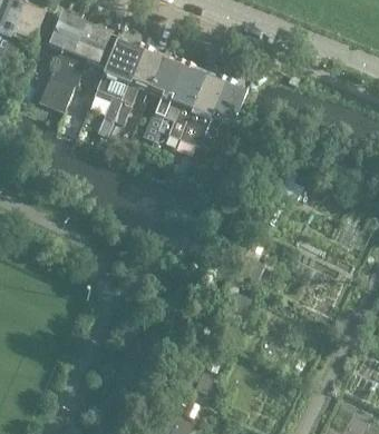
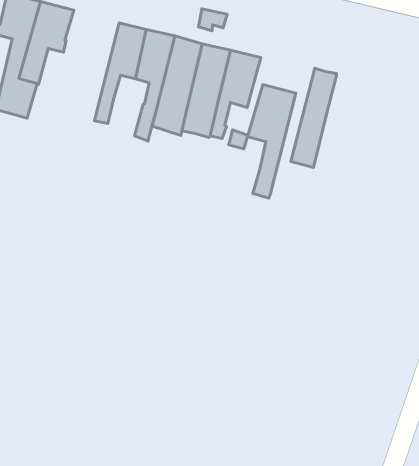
building: [96,41,142,119] -> none
building: none -> [291,68,337,168]
building: none -> [247,84,296,198]

